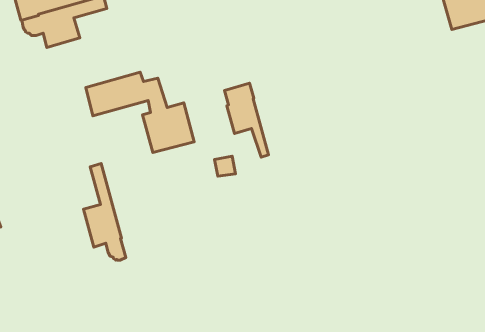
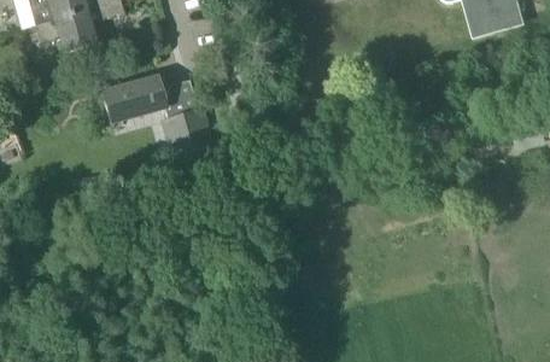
building: [224,83,269,157] -> none
building: [84,164,126,260] -> none

